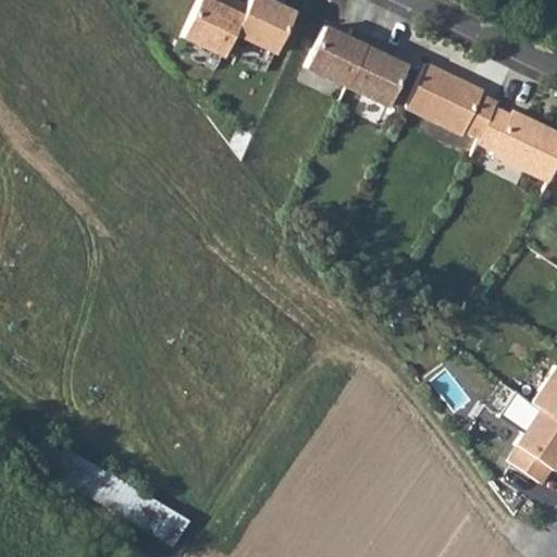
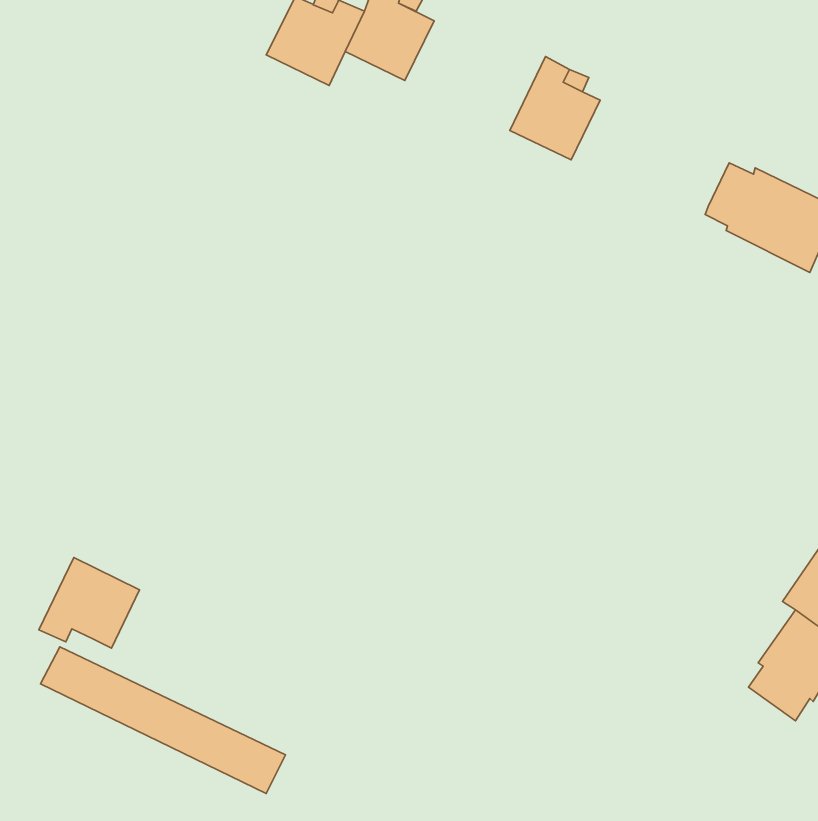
building: [307,28,372,88] -> none
building: [407,65,498,139] -> none
building: none -> [39,558,139,648]

